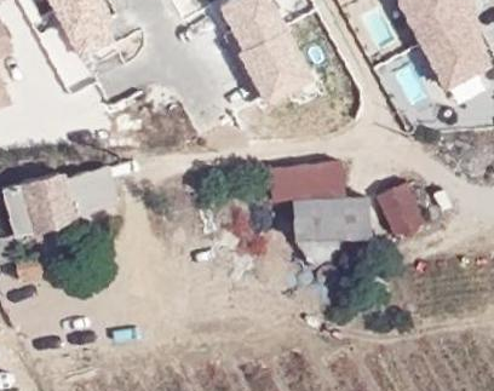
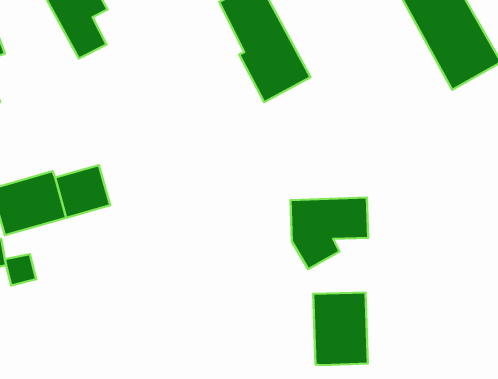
building: [265,159,340,197] -> none
building: [375,182,423,234] -> none
building: none -> [313,293,368,365]

